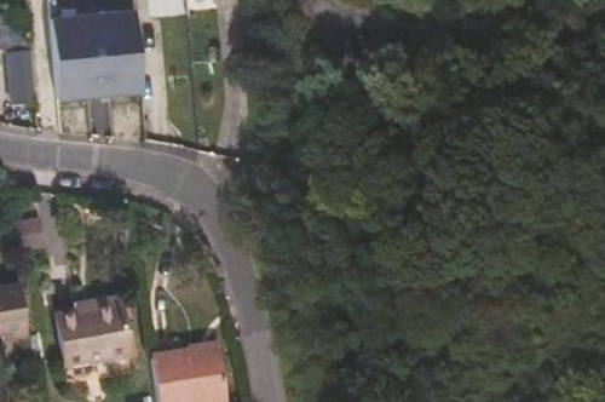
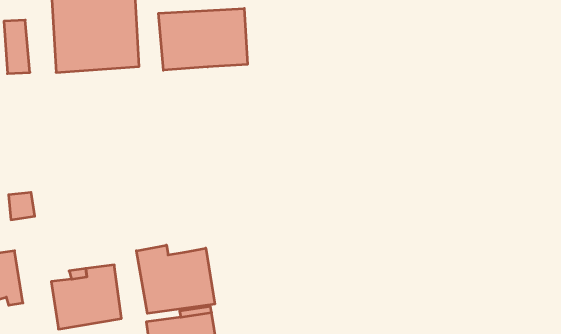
building: none -> [159,8,247,70]
building: none -> [136,245,215,313]

